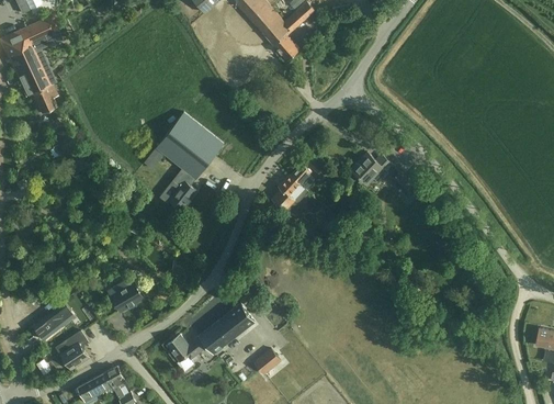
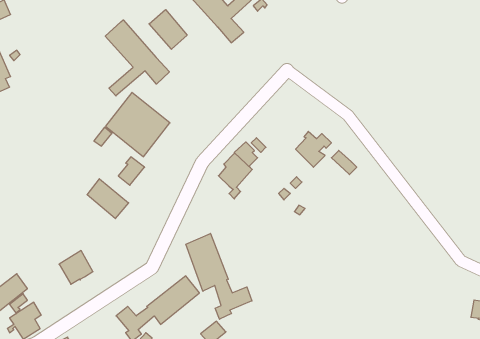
building: none -> [149,10,187,49]
building: none -> [105,20,169,96]
building: none -> [87,179,129,219]
building: none -> [186,233,252,319]

